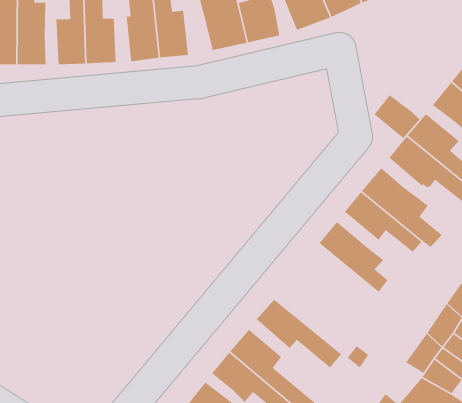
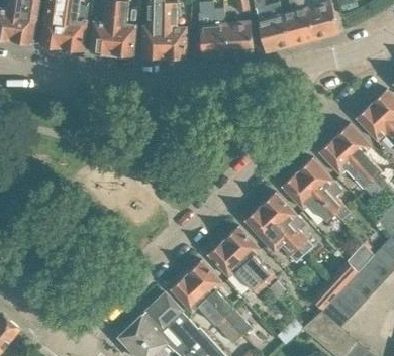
building: [373,94,421,139] -> none
building: none -> [243,207,298,256]
building: none -> [222,227,274,288]

